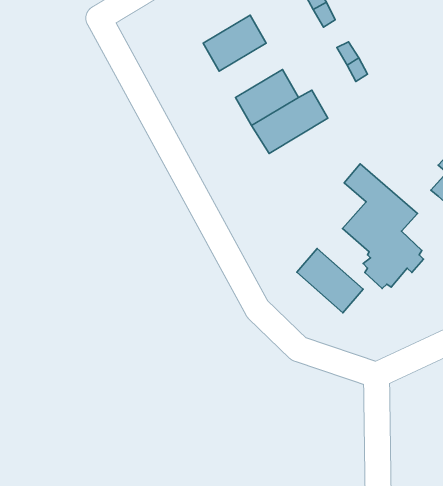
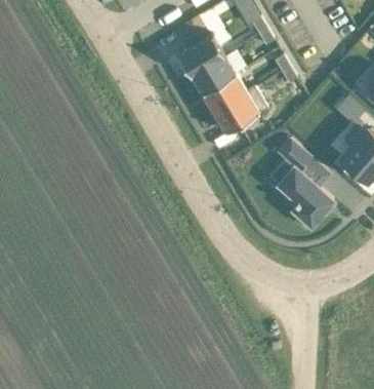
building: none -> [191,54,235,92]
building: [297,249,363,313] -> none

